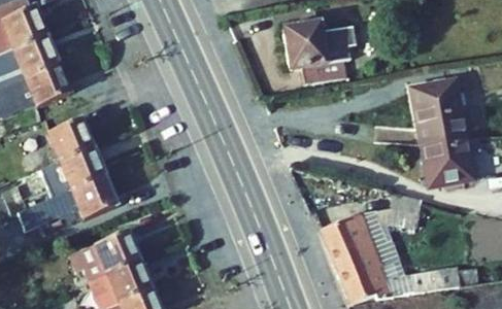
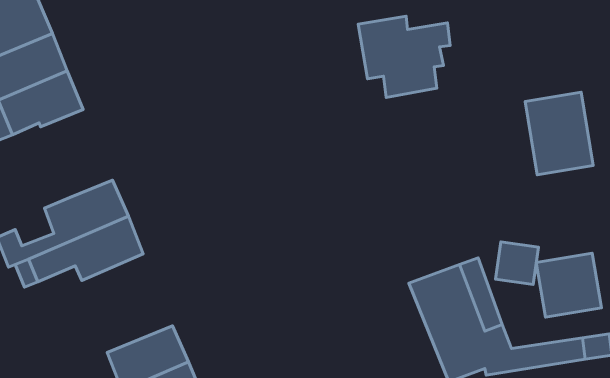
building: [48,118,94,162] -> none
building: [422,137,472,186] -> [536,253,602,317]
building: [71,231,140,281] -> none

